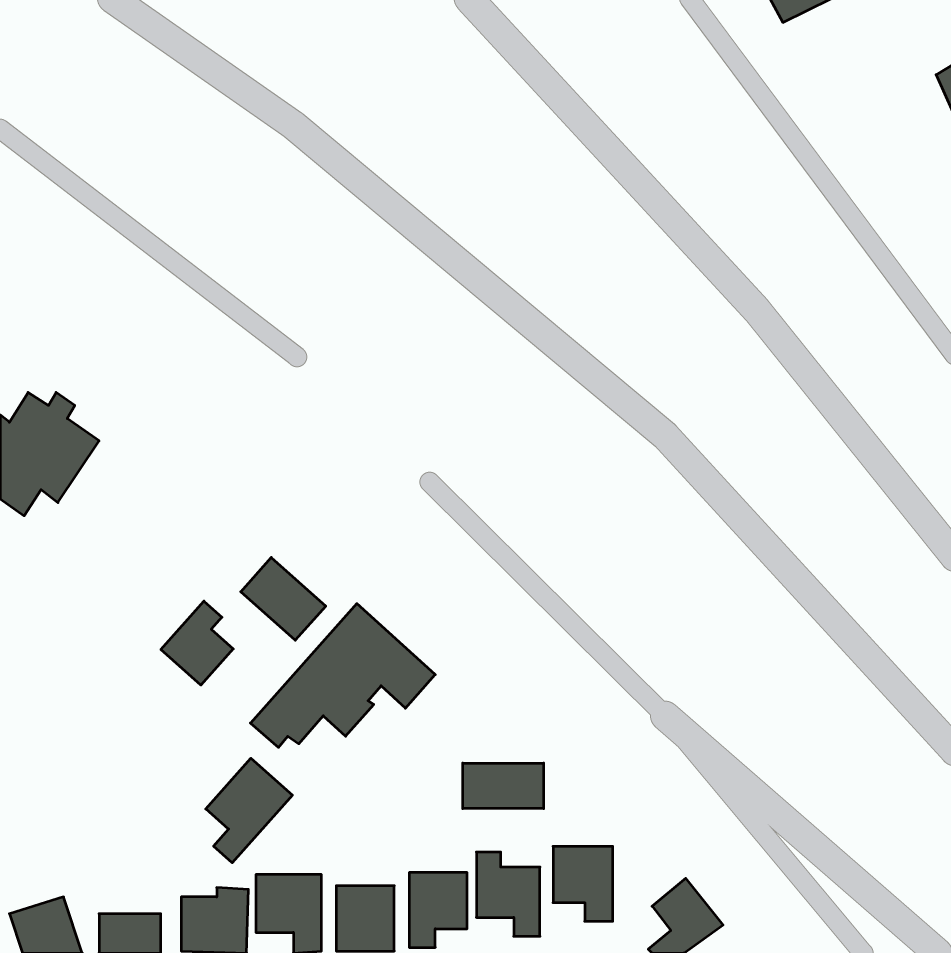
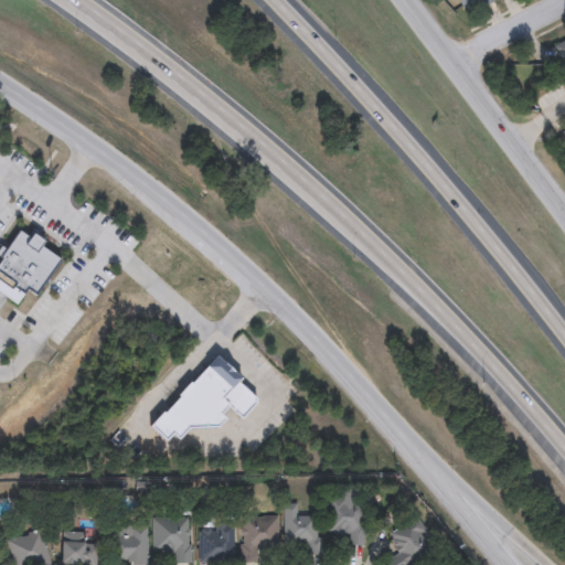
building: [241,557,326,640] -> none
building: [161,601,233,685] -> none
building: [206,758,292,863] -> none
building: [463,763,544,809] -> none

